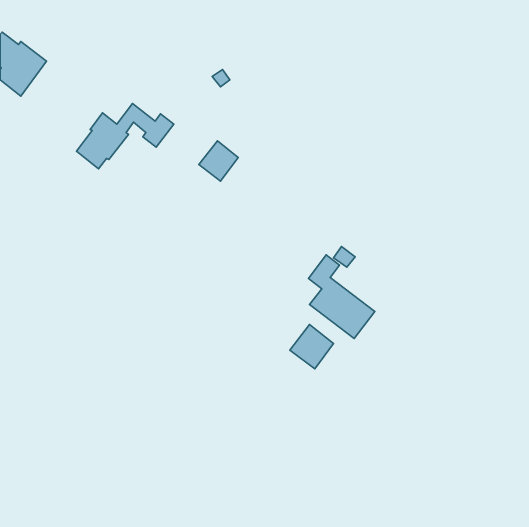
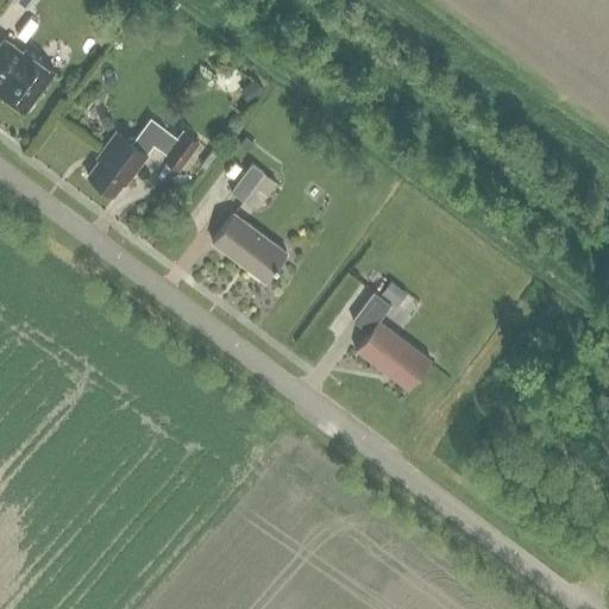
building: none -> [212,215,285,283]
building: [290,324,333,369] -> none

